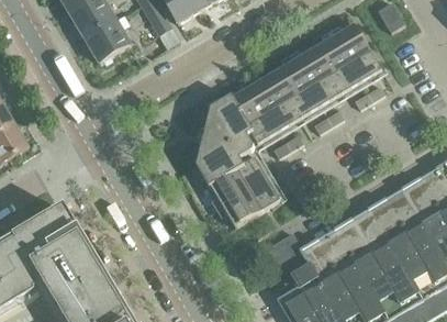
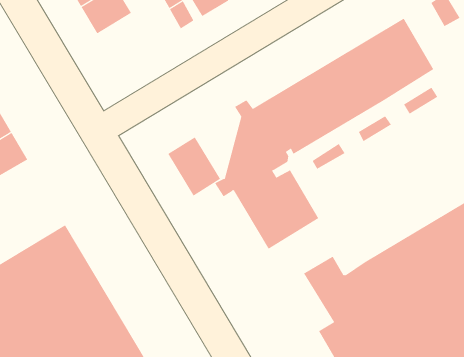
building: [86,14,131,62] -> none
building: none -> [167,136,221,196]

